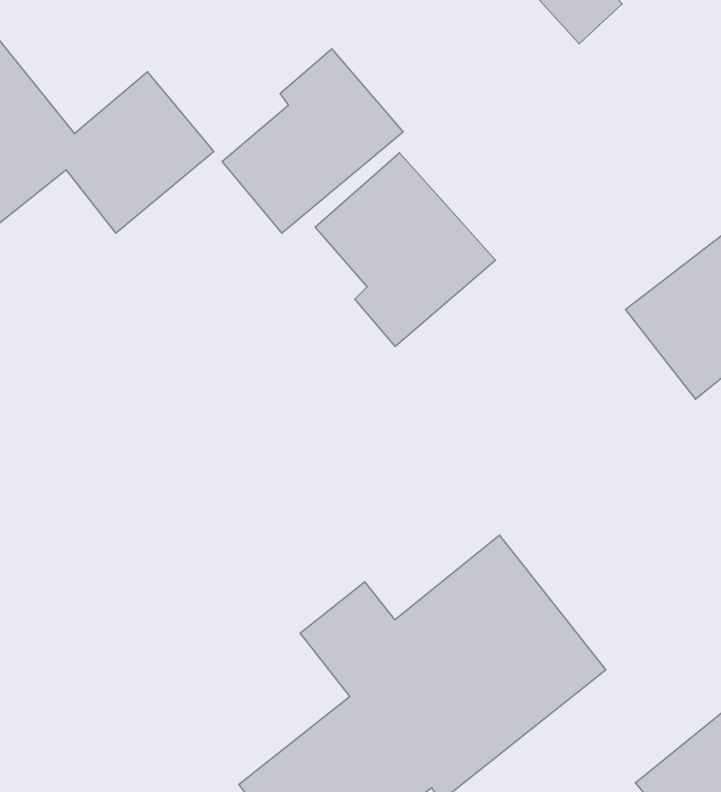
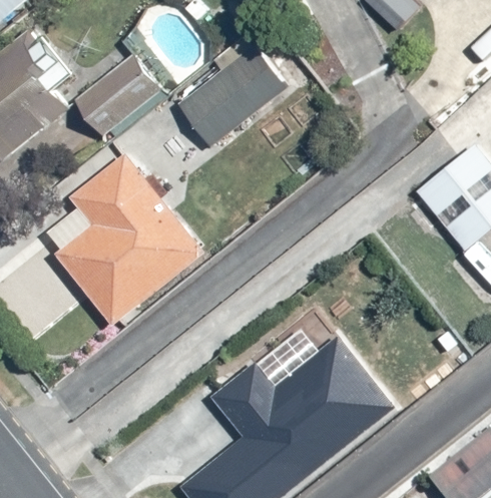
building: [315,153,495,346] -> none
building: none -> [45,139,204,327]

